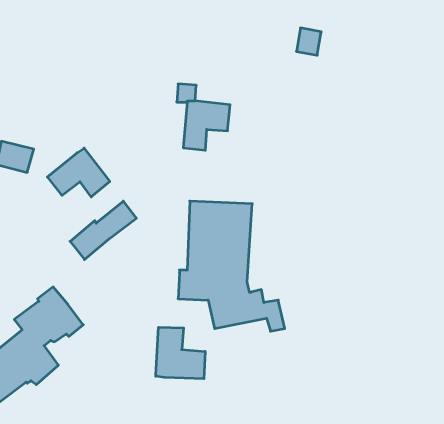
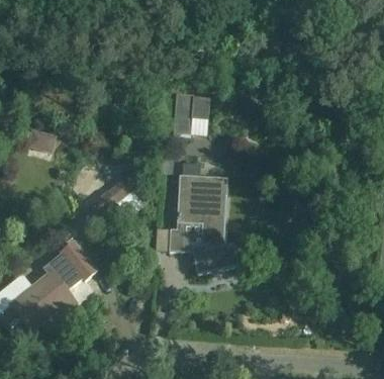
building: [47,148,110,197] -> none
building: [156,327,205,379] -> none

